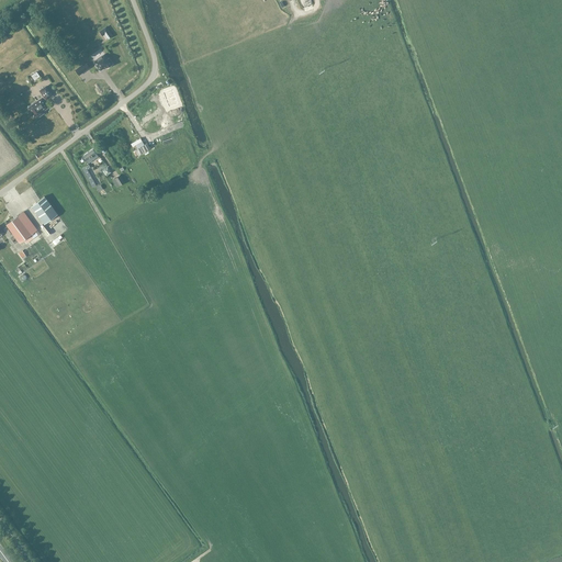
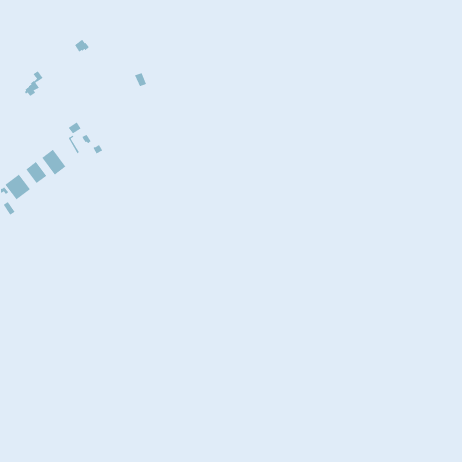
building: none -> [41,149,66,176]

